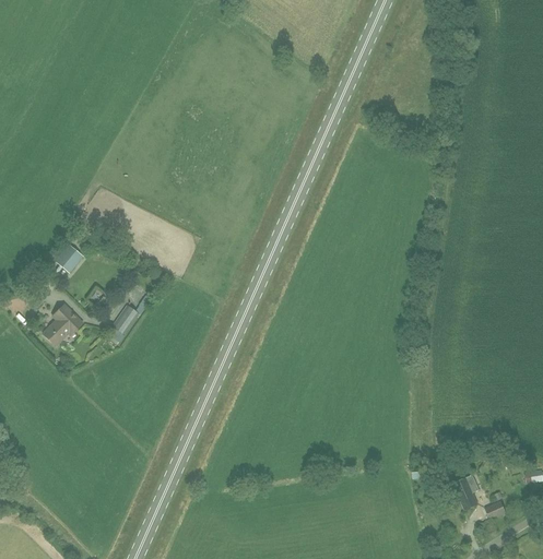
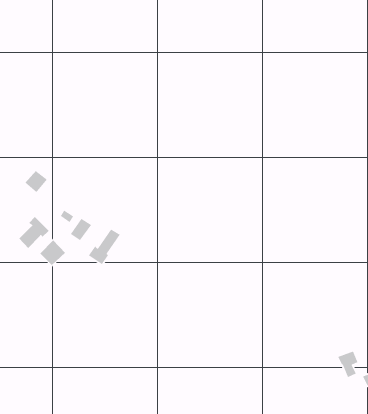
building: none -> [88,228,121,265]
building: none -> [39,240,66,266]

